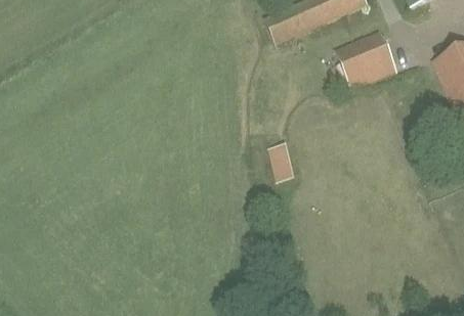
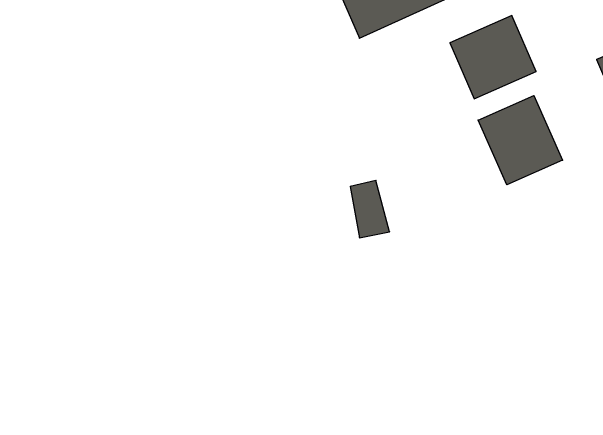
building: none -> [478,96,563,185]

